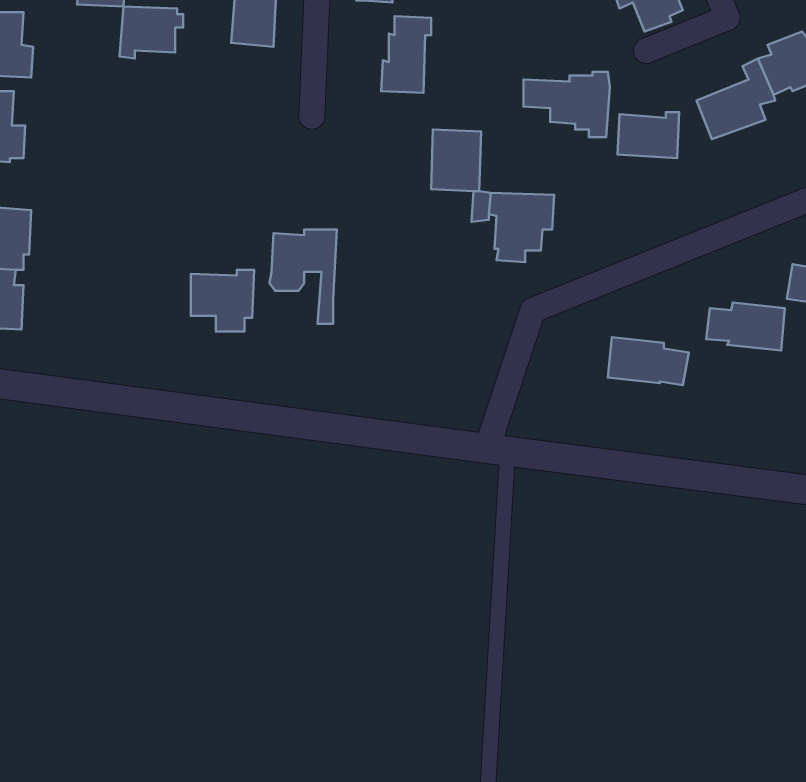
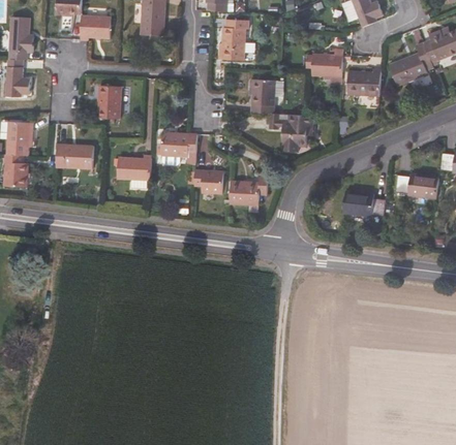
building: none -> [98,86,121,119]
building: none -> [56,144,94,168]
building: none -> [194,170,223,194]
building: none -> [230,177,267,204]

